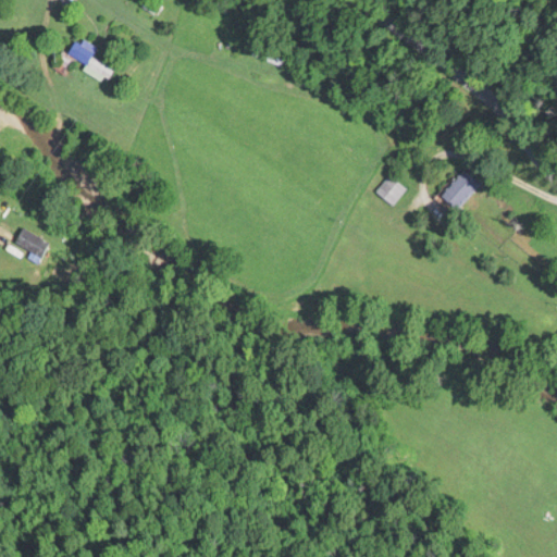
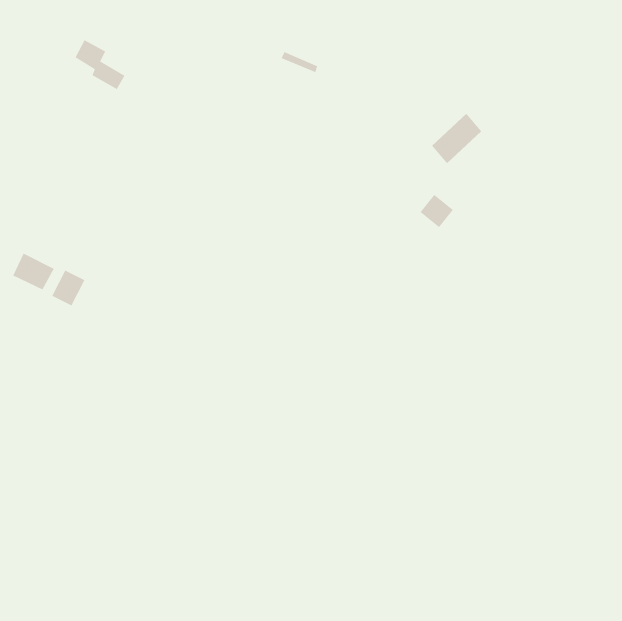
building: [434,169,480,214] -> [431,113,482,164]
building: none -> [51,269,86,306]

